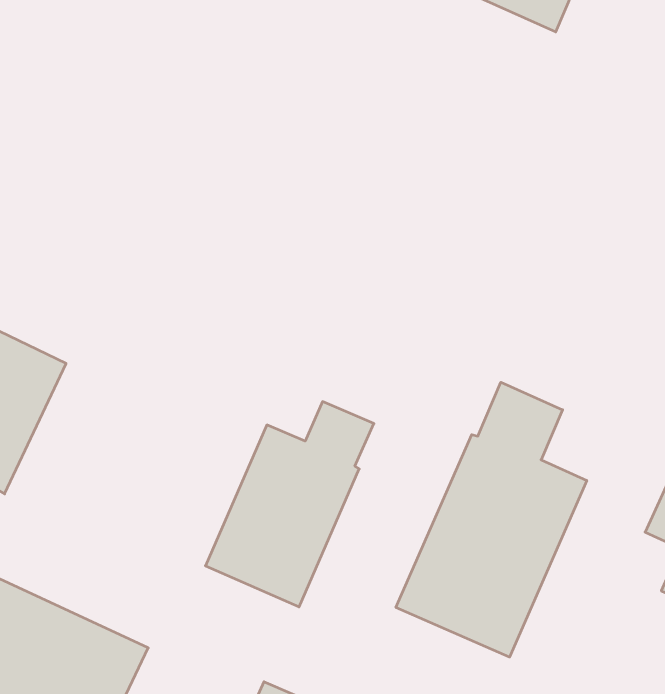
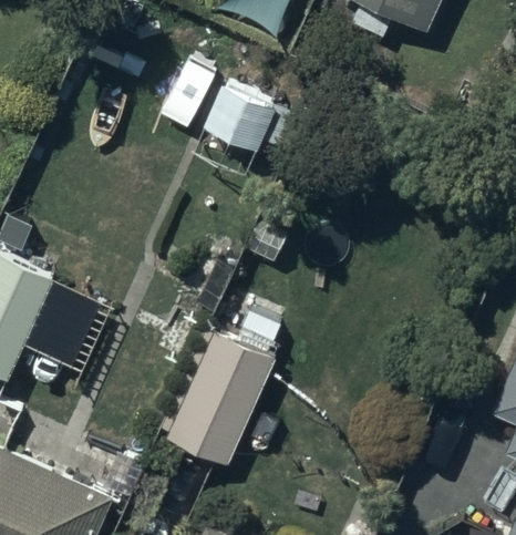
building: [396,382,587,657] -> none

